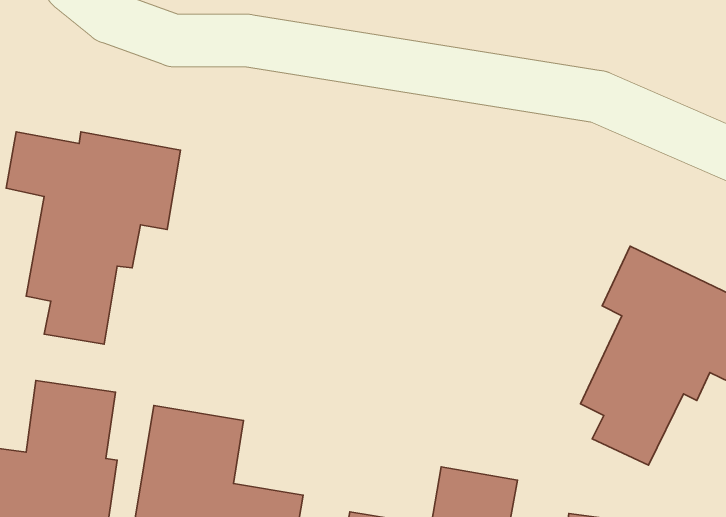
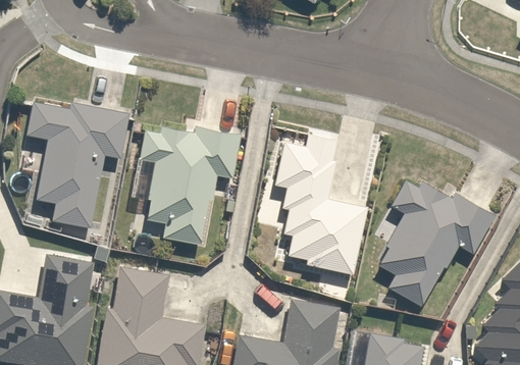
building: none -> [138,125,240,245]
building: none -> [274,135,365,276]

